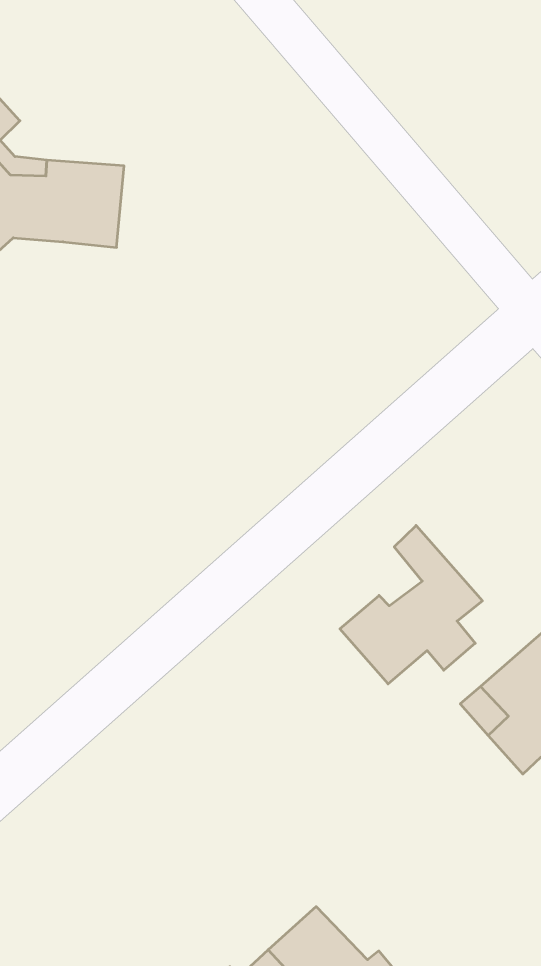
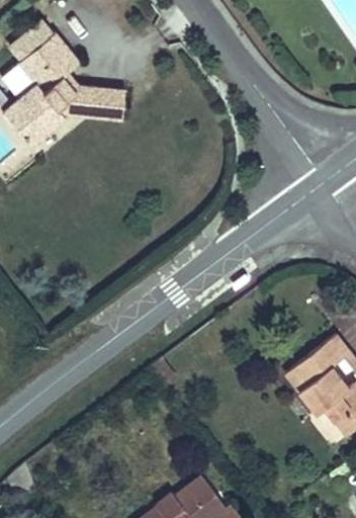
building: [340,525,482,684] -> none

